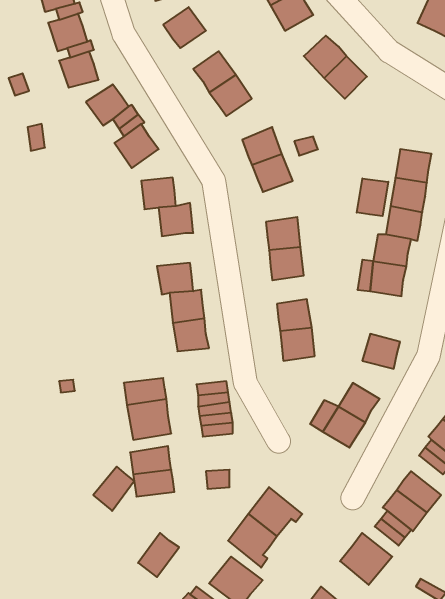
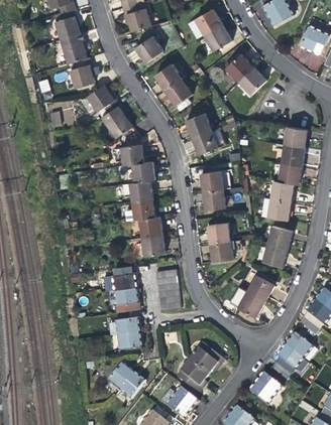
building: [357,178,388,216] -> none
building: none -> [129,180,152,201]
building: none -> [267,227,292,250]
building: [93,467,134,511] -> [107,363,133,391]

